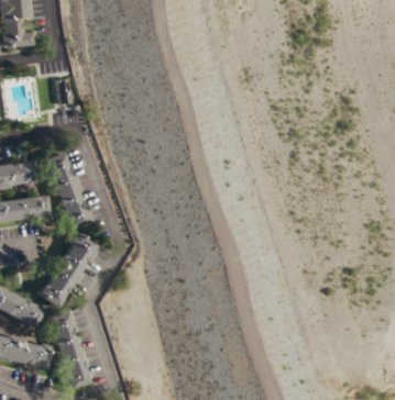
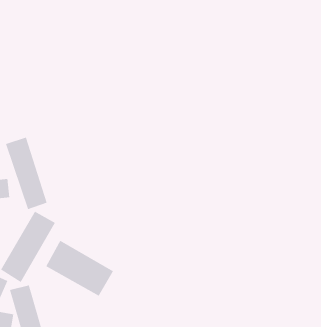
building: none -> [46,240,114,296]

